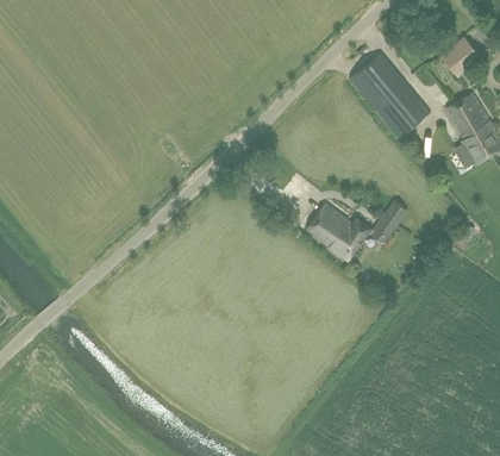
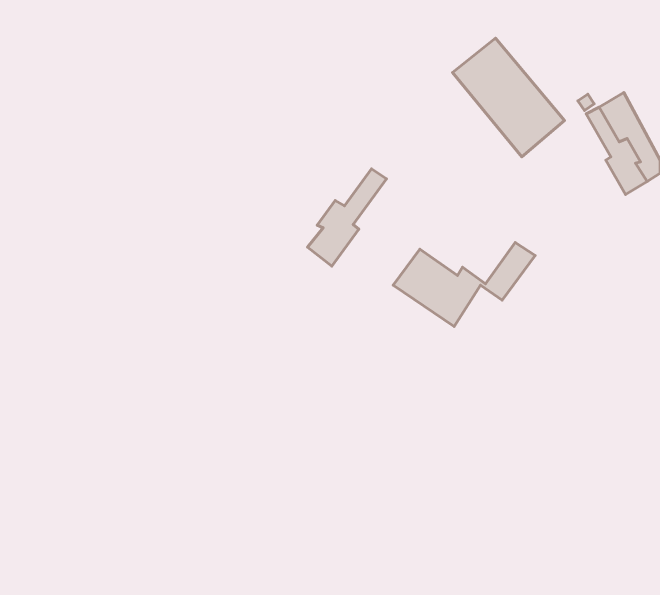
building: [440,36,479,74] -> none
building: none -> [308,169,387,266]

